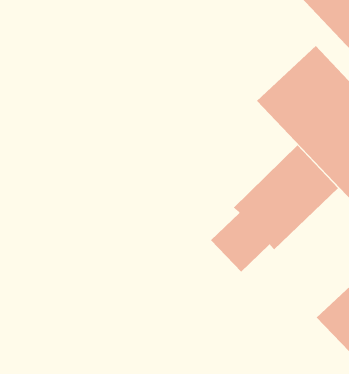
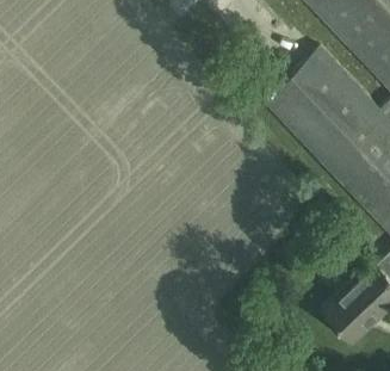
building: [210,144,339,272] -> none

